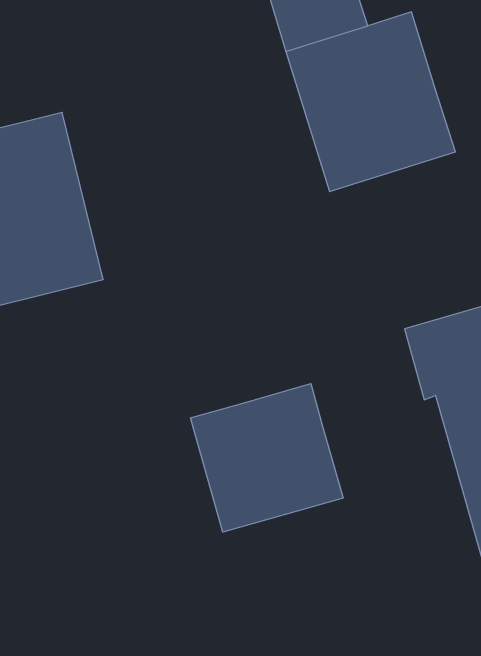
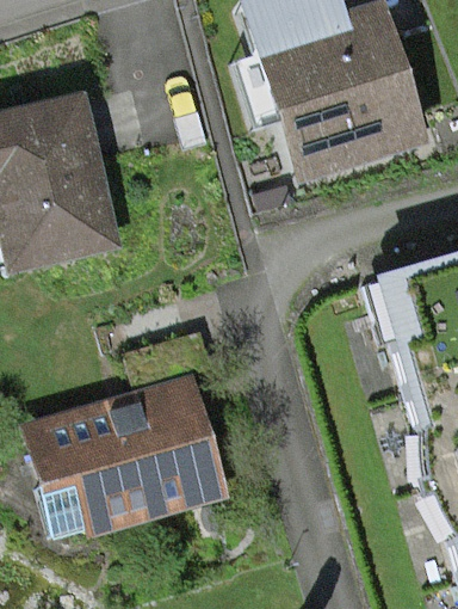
building: [191,384,343,532] -> none
building: none -> [42,385,225,534]

